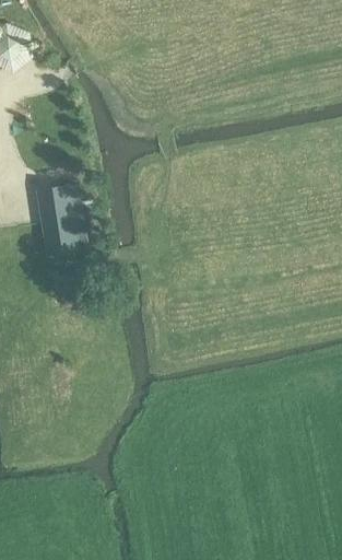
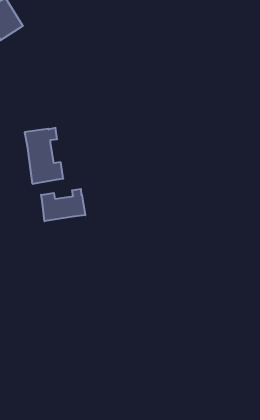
building: none -> [41,189,85,221]

